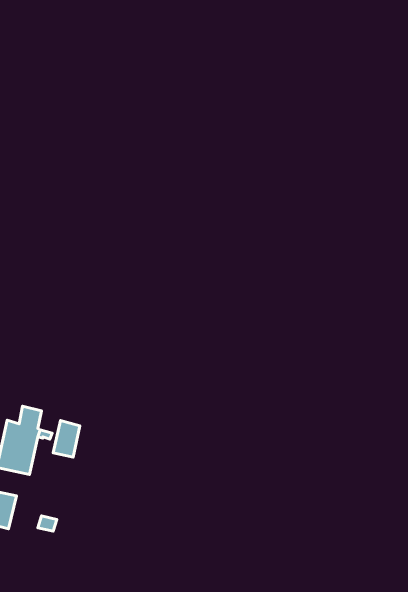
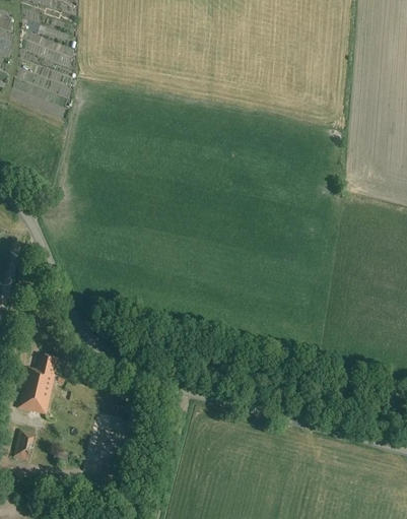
building: [53,421,80,457] -> none

